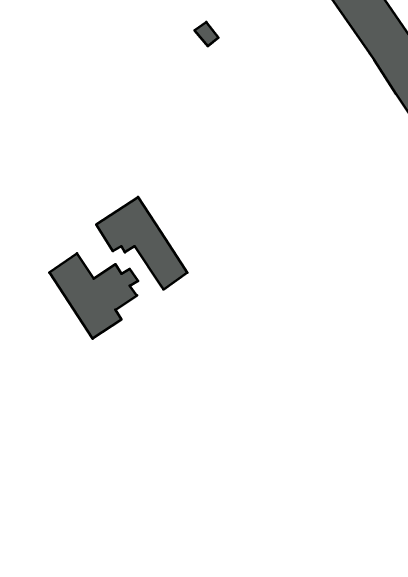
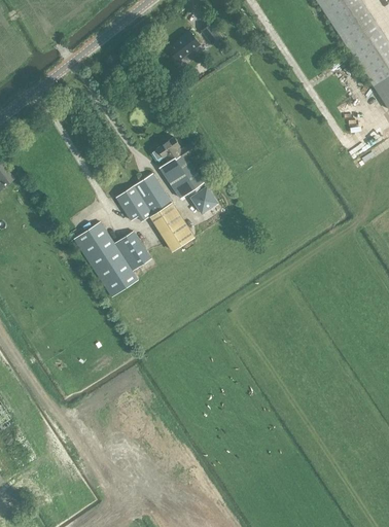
building: none -> [170,32,201,62]
building: none -> [150,135,216,213]

